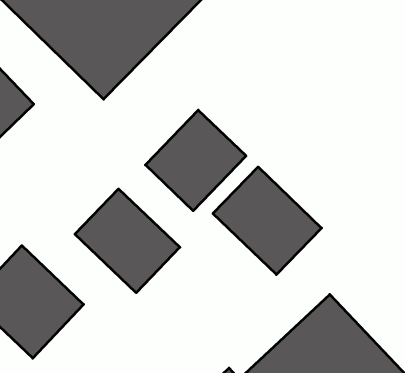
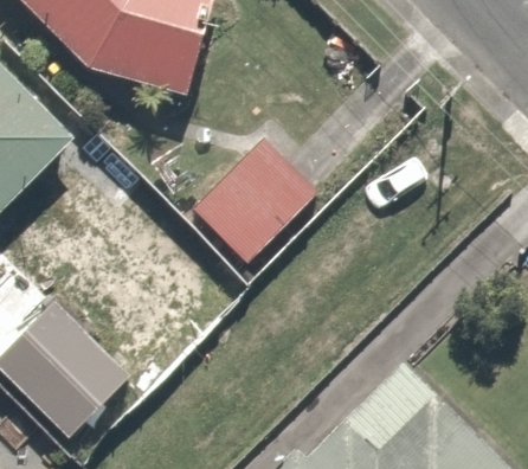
building: [213,167,322,275] -> none
building: [75,189,180,293] -> none

